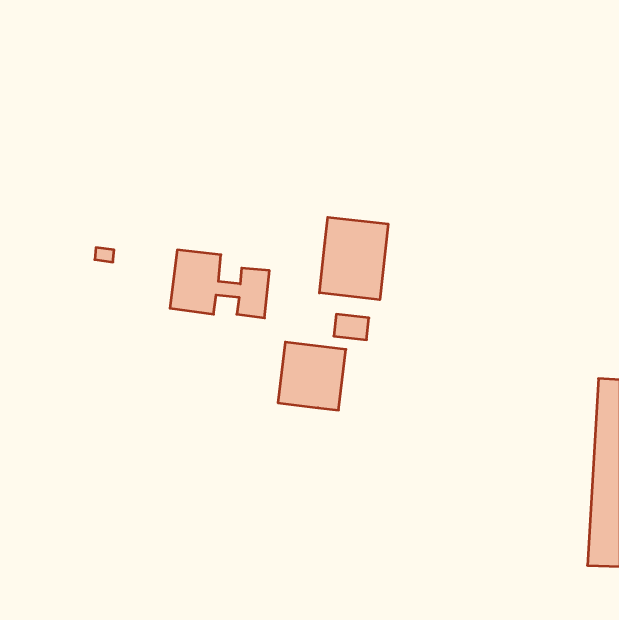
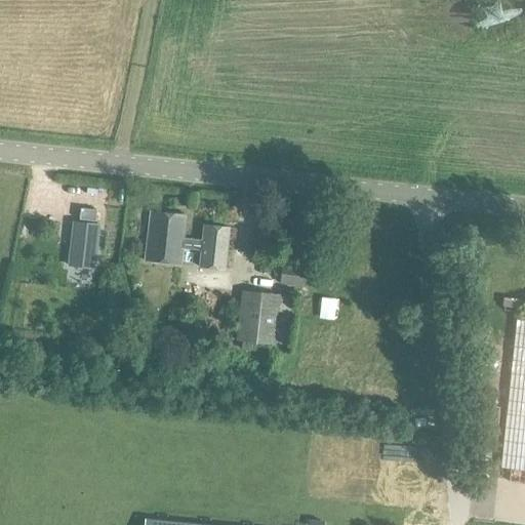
building: [319,217,388,300] -> none
building: none -> [72,223,100,269]

